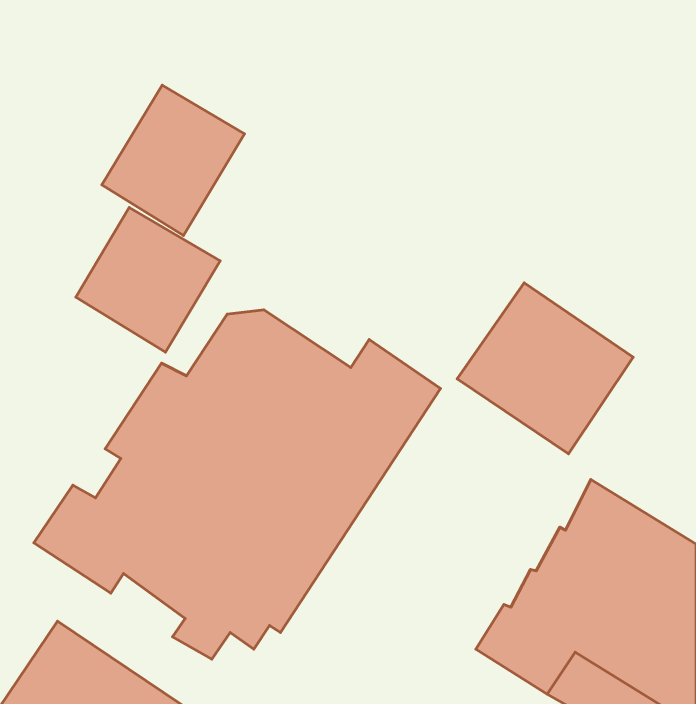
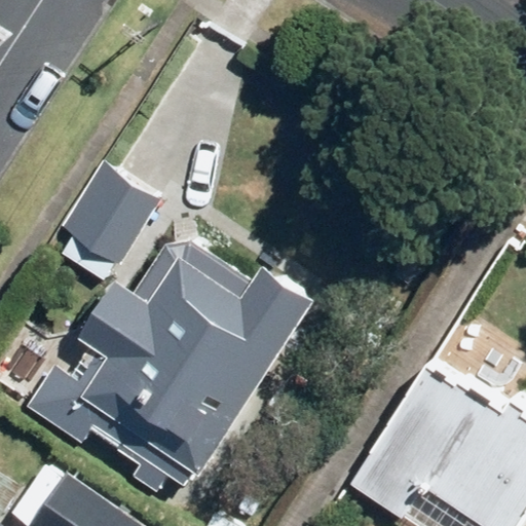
building: [102,85,245,235] -> none
building: [457,283,633,454] -> none

